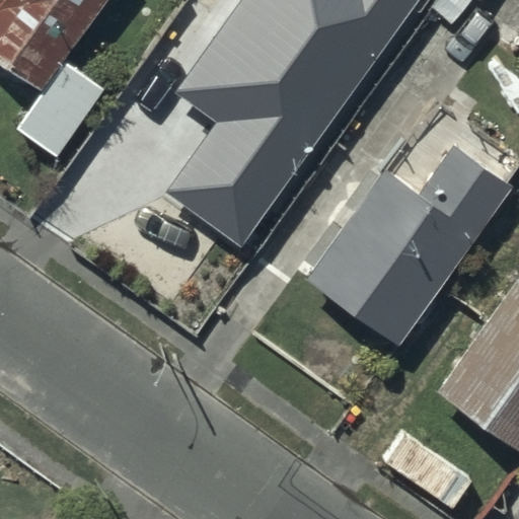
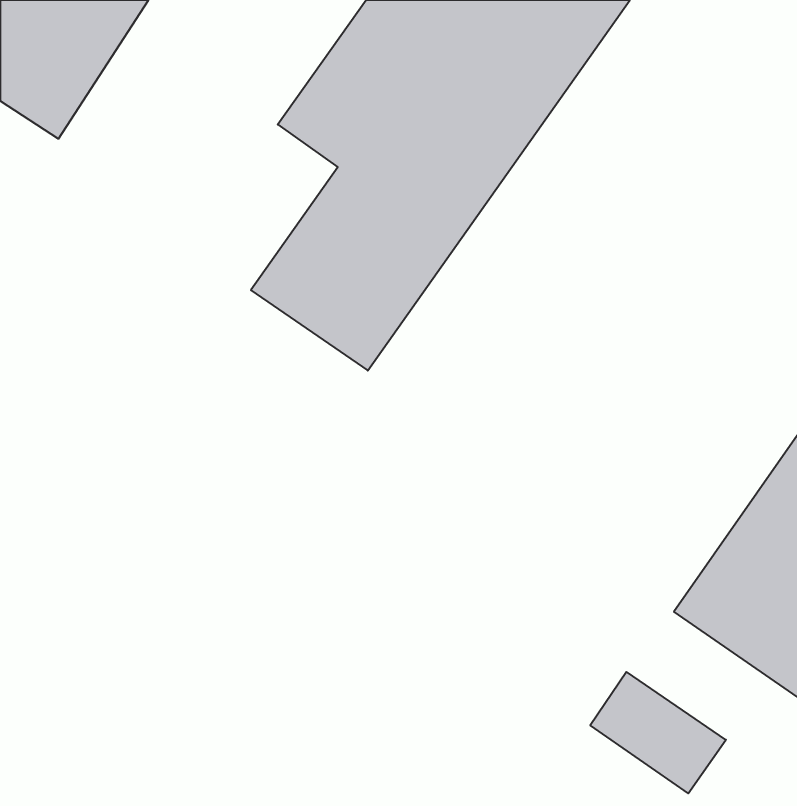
building: [307,149,511,348] -> none

